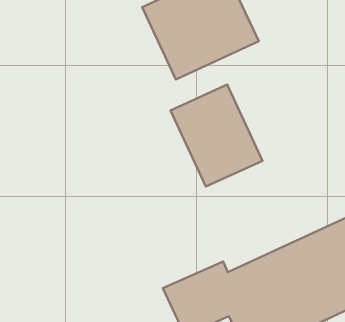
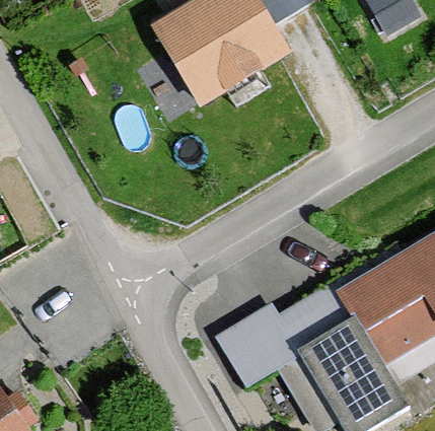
building: [171,85,263,187] -> none

